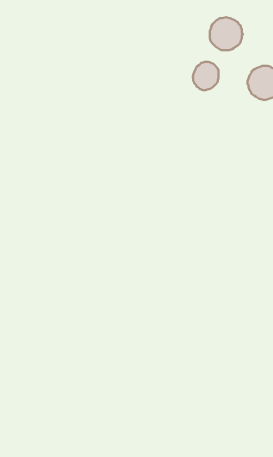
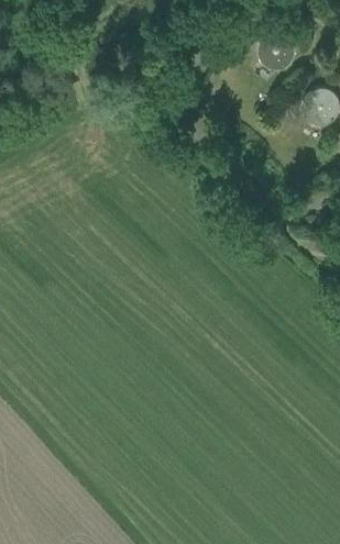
building: [193,62,219,90] -> none

